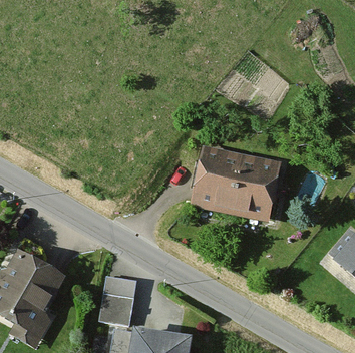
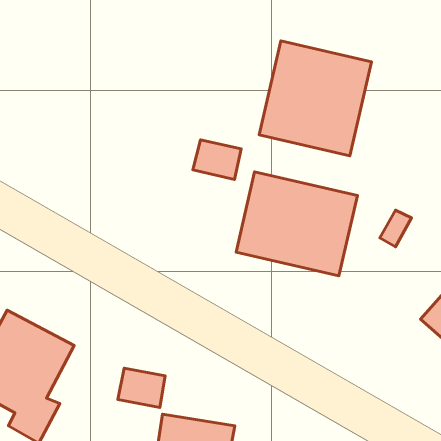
building: none -> [259,41,372,156]
building: none -> [193,140,241,179]

